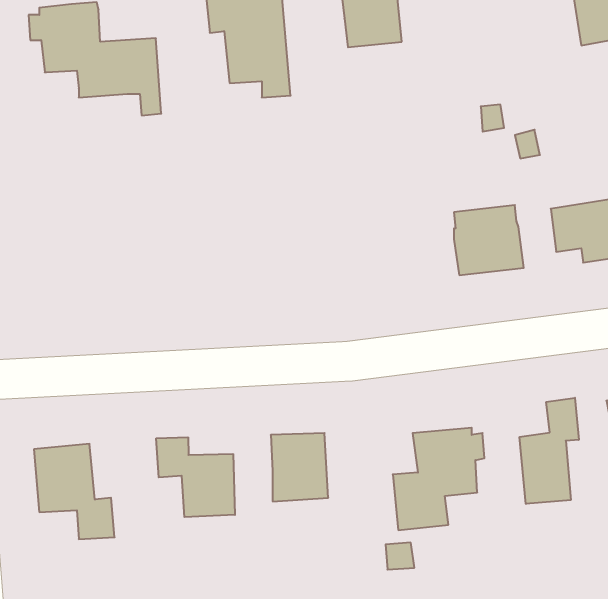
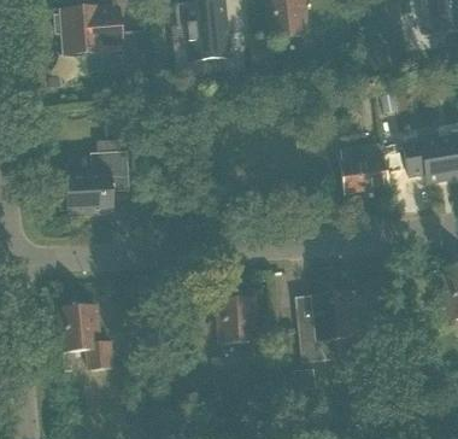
building: none -> [59,139,128,213]
building: [520,398,579,504] -> none
building: [156,437,235,517] -> none

